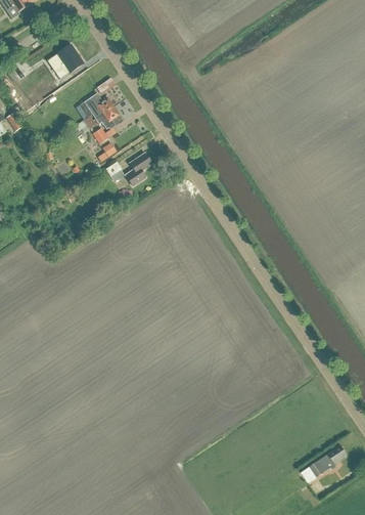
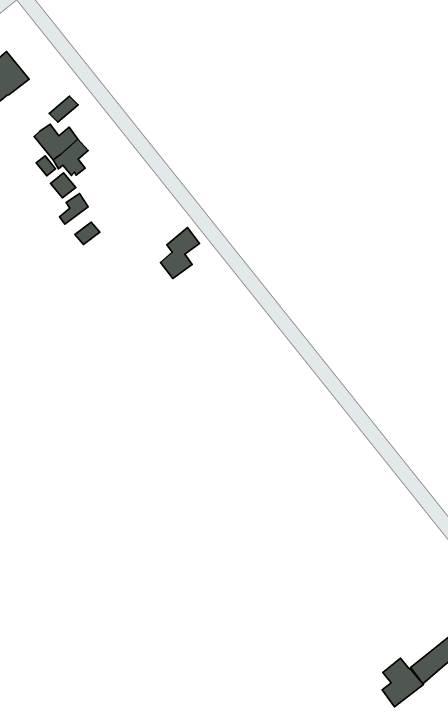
building: [125,153,151,185] -> [161,228,200,279]
building: none -> [382,658,423,707]

